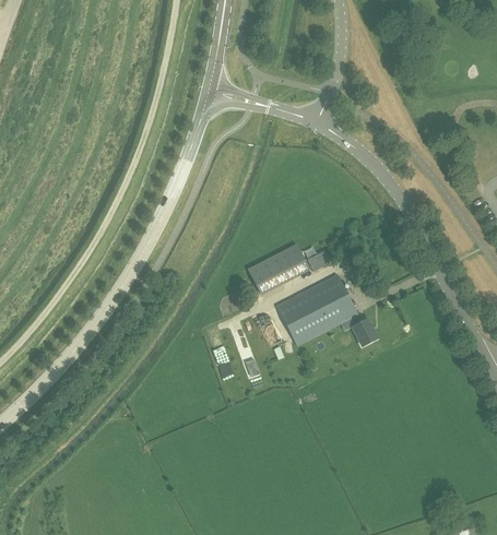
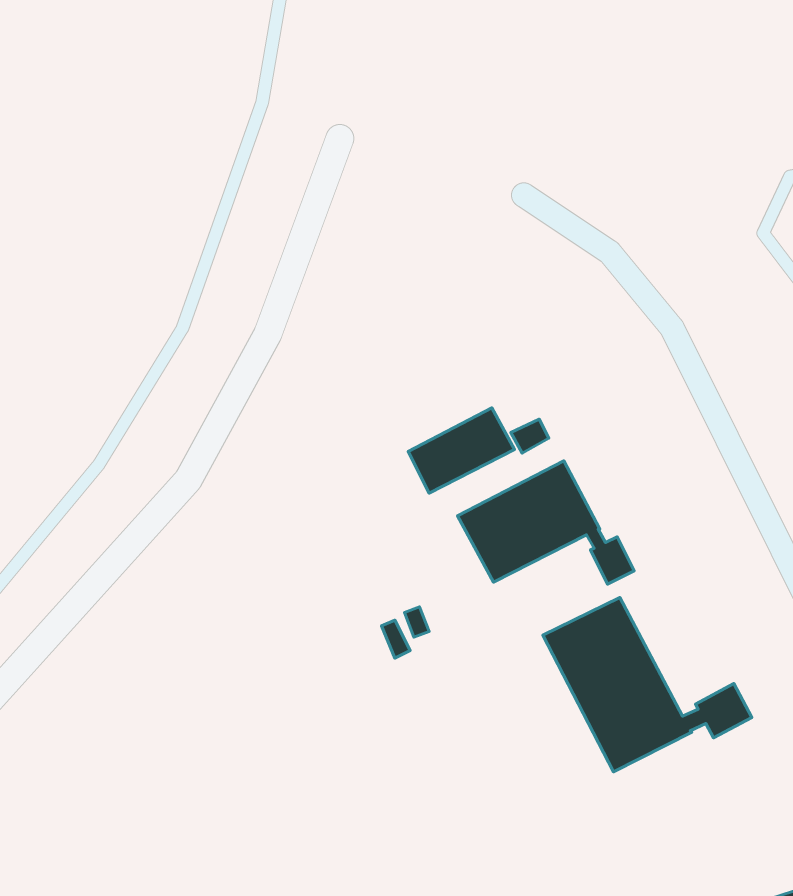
building: none -> [543,597,752,772]

